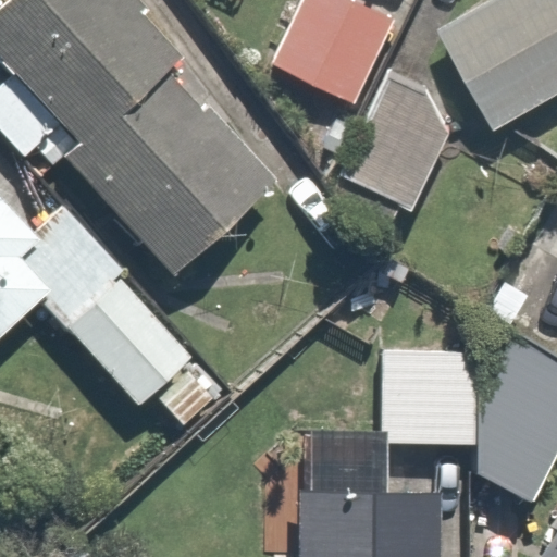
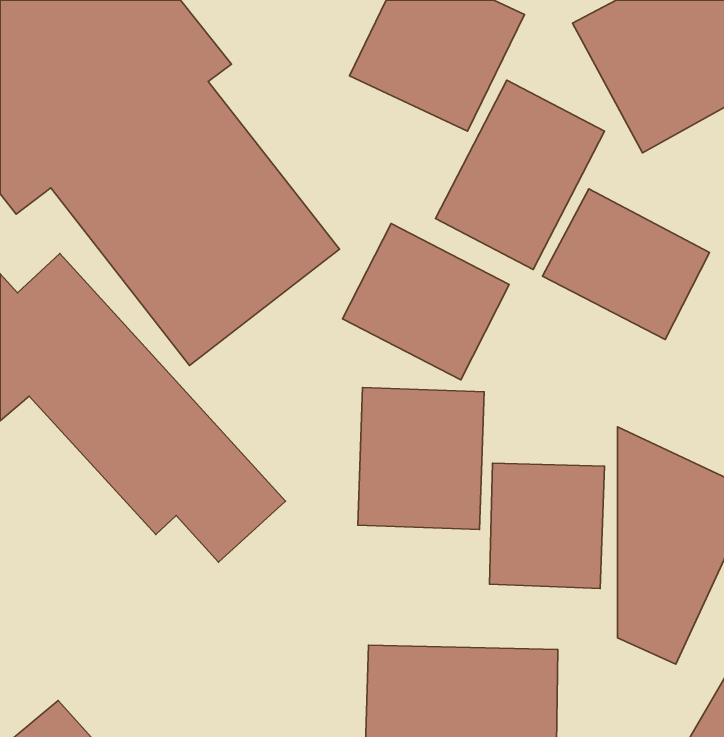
building: none -> [542,189,710,339]
building: none -> [342,224,509,380]
building: none -> [358,388,484,529]

